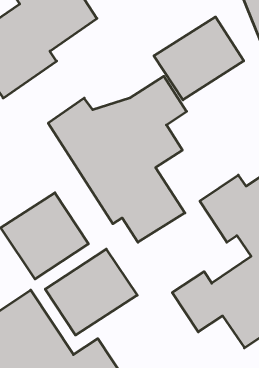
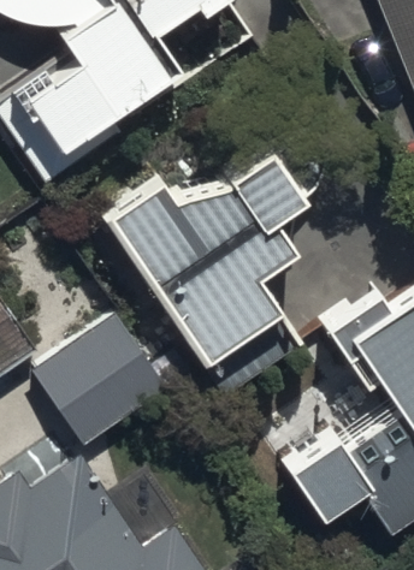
building: [154,17,244,100] -> none
building: [45,249,137,335] -> none

